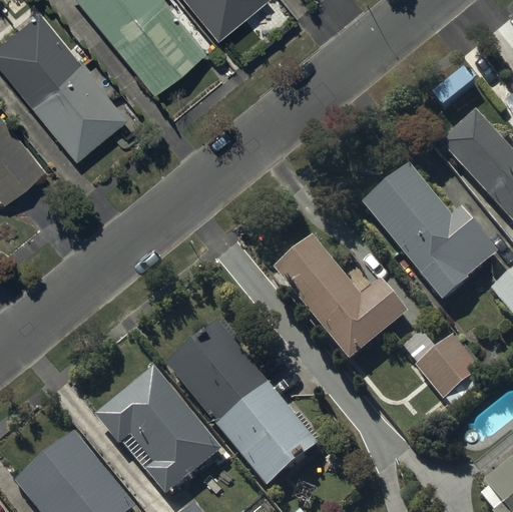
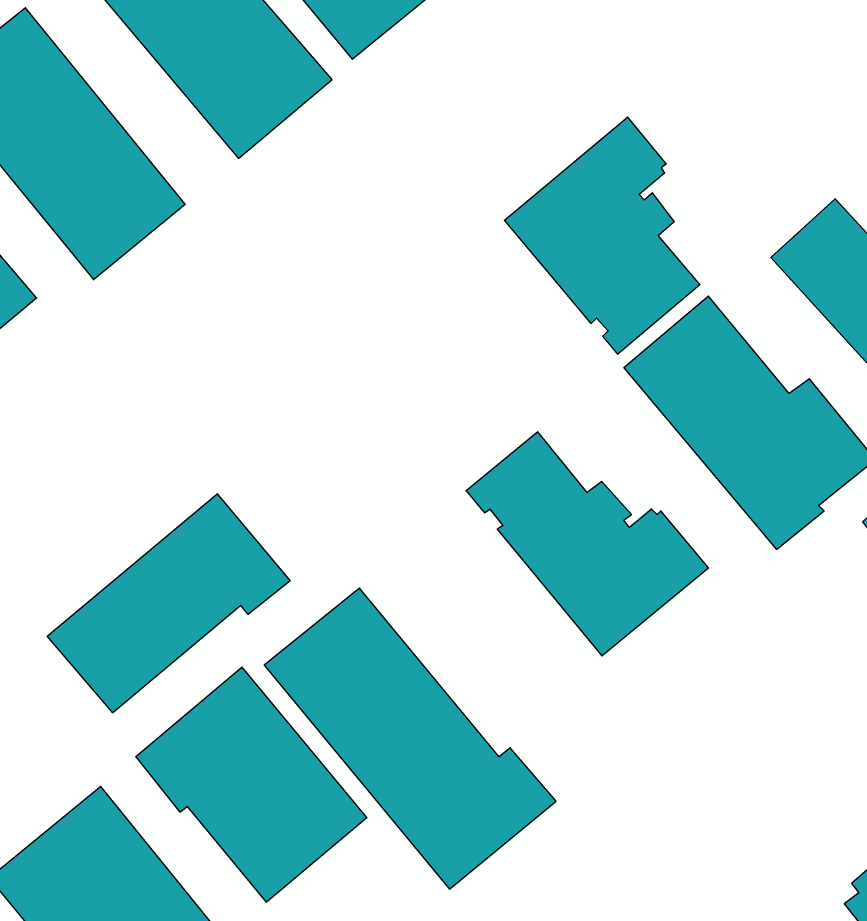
building: none -> [504,117,700,354]
building: none -> [47,494,290,713]
building: [402,327,485,404] -> none

